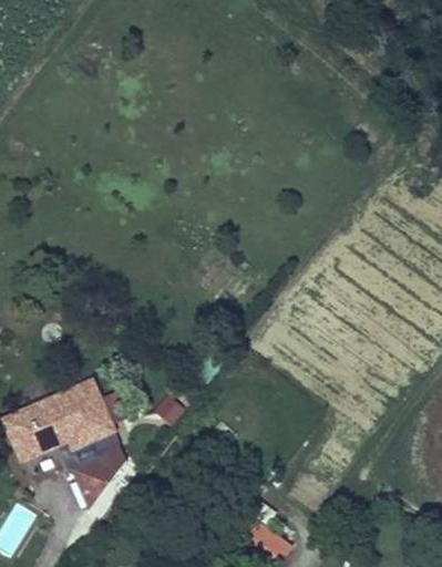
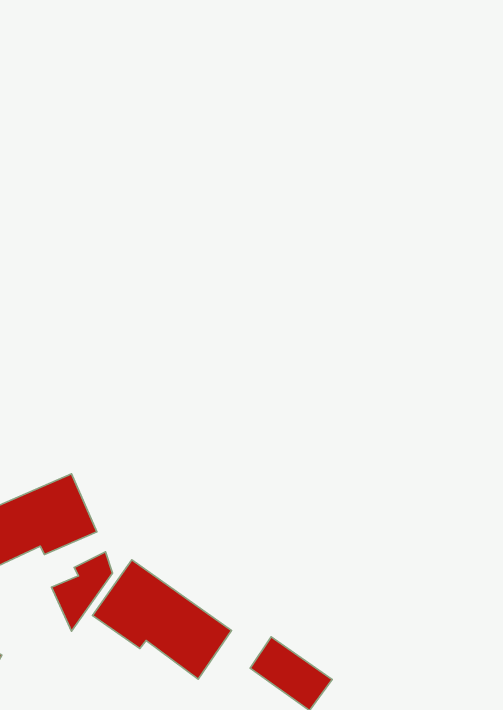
building: none -> [93,560,232,679]

